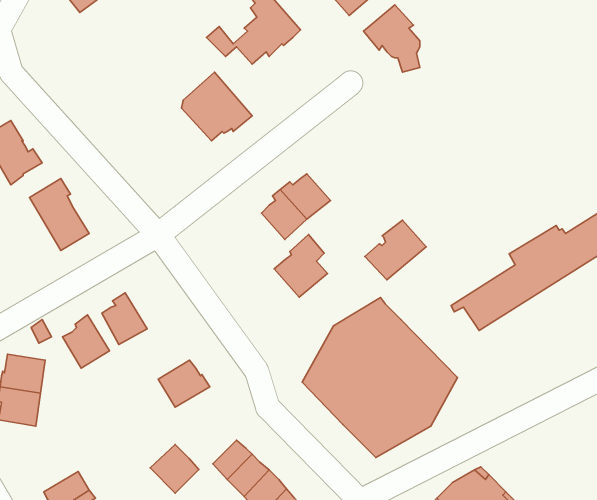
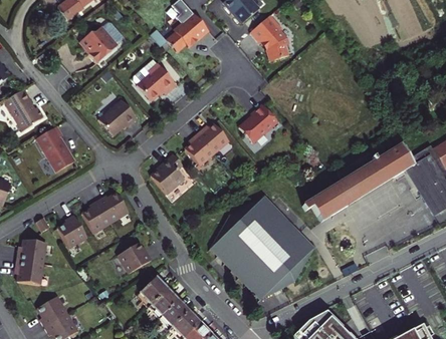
building: none -> [80,23,123,62]
building: none -> [98,98,138,135]
building: [365,220,426,280] -> [239,103,278,141]
building: [274,234,327,297] -> [151,152,185,193]
building: none -> [97,191,129,222]
building: none -> [37,295,67,326]
building: [150,444,199,493] -> [138,277,169,308]

